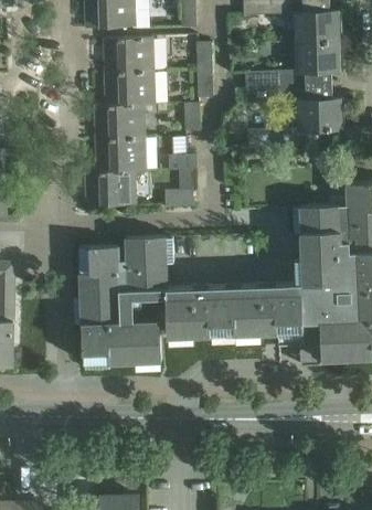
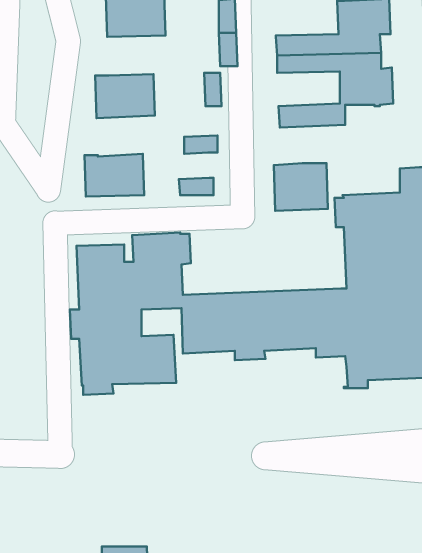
building: [105,72,155,105] -> none
building: [96,138,146,172] -> none
building: none -> [274,163,328,211]

